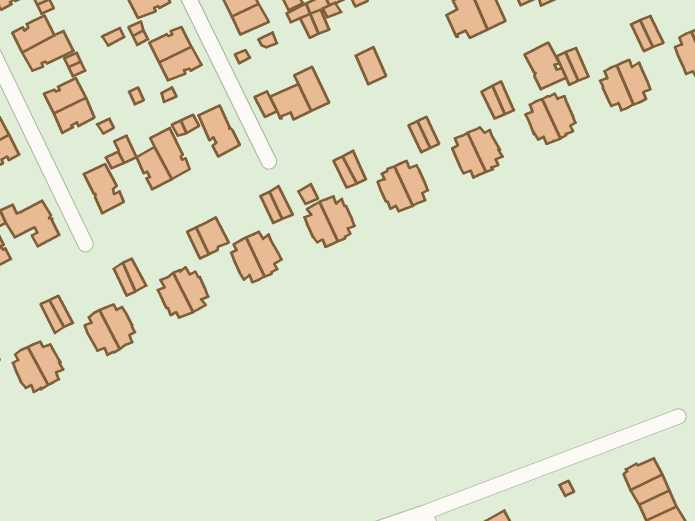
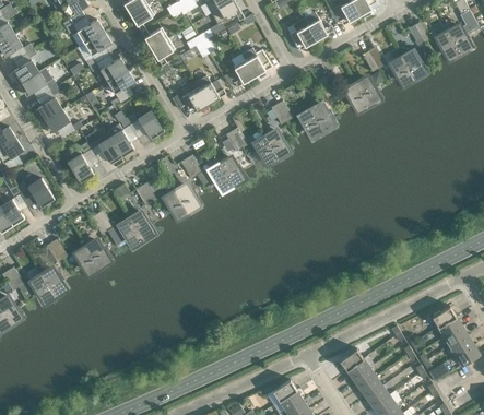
building: none -> [240,48,269,76]
building: [525,43,566,89] -> none

